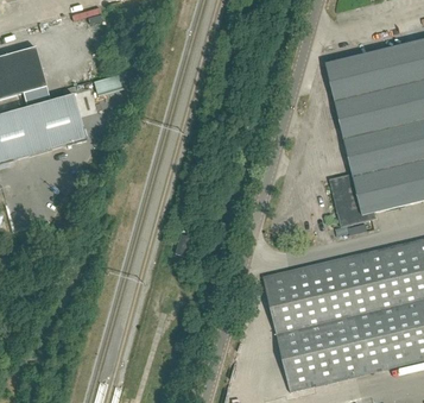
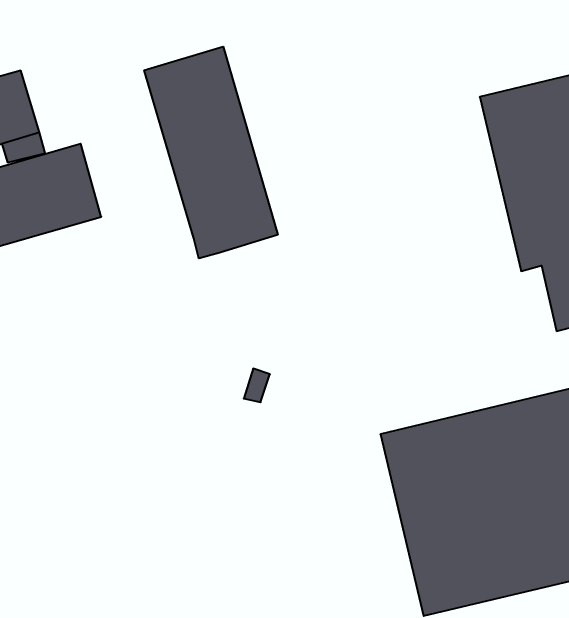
building: none -> [144,47,278,258]
building: [329,170,376,227] -> none

